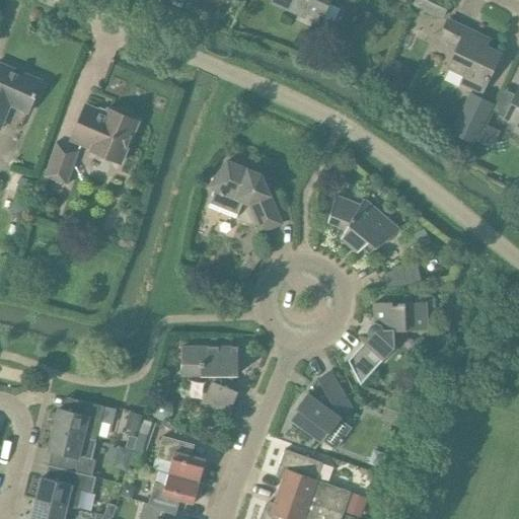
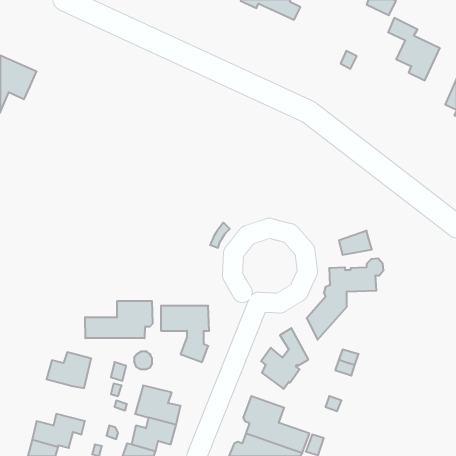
building: [452,92,495,144] -> none
building: [71,105,138,164] -> none
building: [45,142,80,184] -> none
building: [208,159,283,230] -> none
building: [328,196,396,253] -> none
building: none -> [85,301,152,338]
building: [49,430,97,477] -> none

